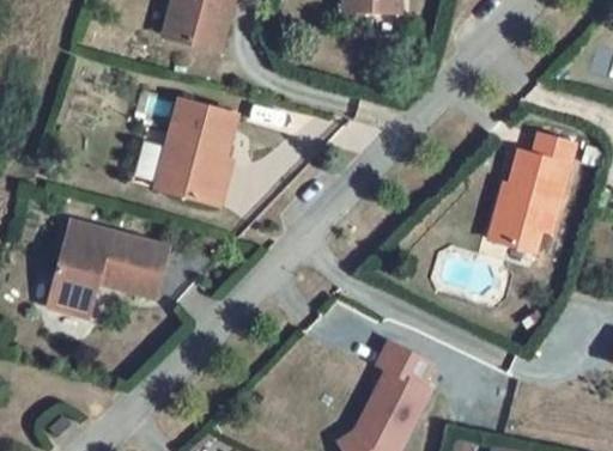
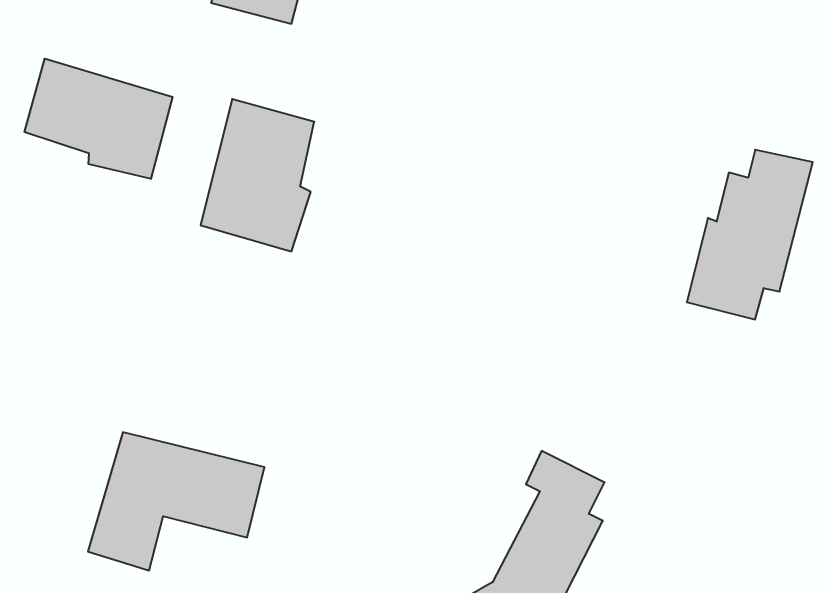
building: none -> [24,59,173,179]
building: [43,220,164,315] -> [88,432,265,571]

